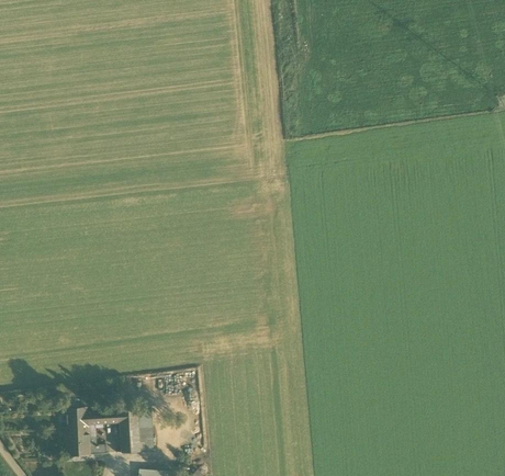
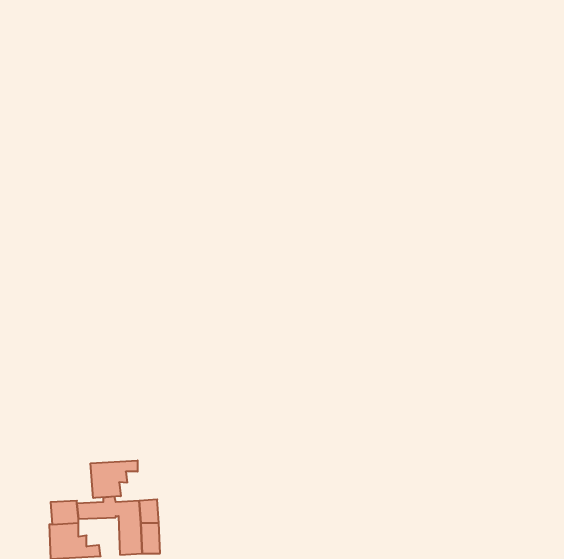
building: none -> [91,460,138,498]

